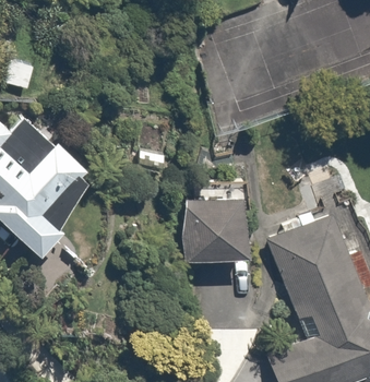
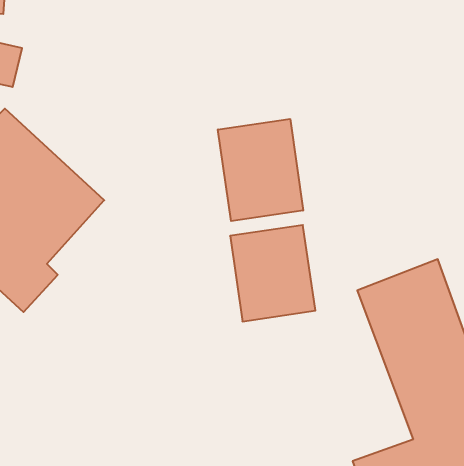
building: none -> [218,119,303,221]

